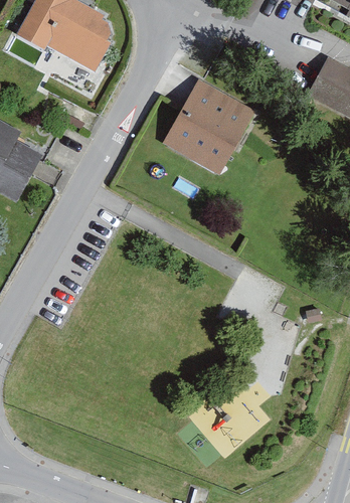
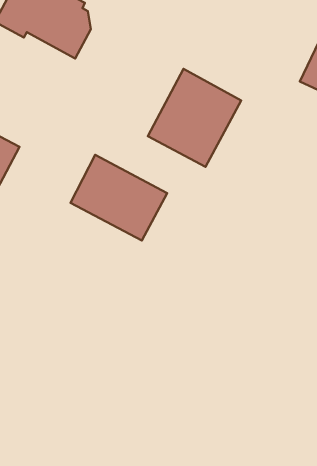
building: none -> [70,155,167,240]

